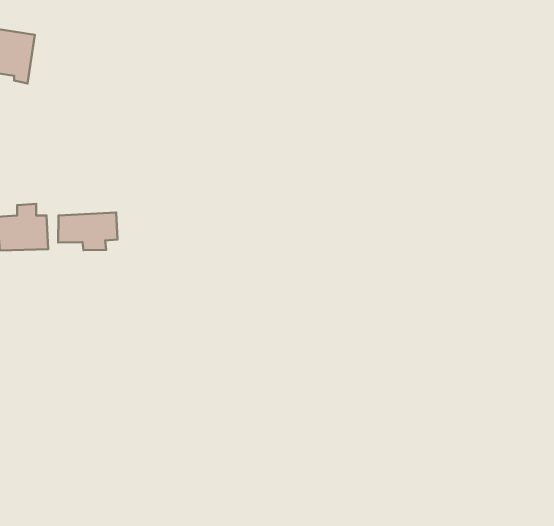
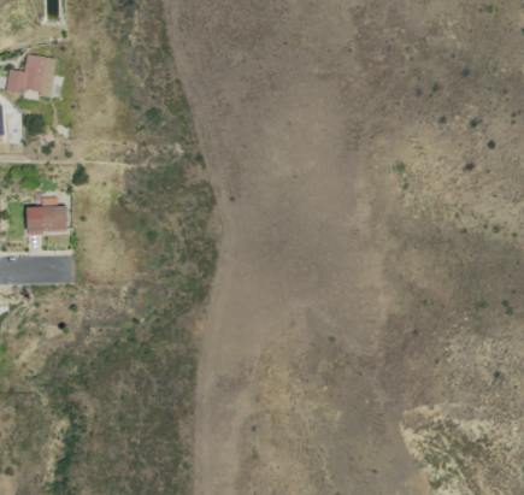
building: [58,212,117,250] -> none

